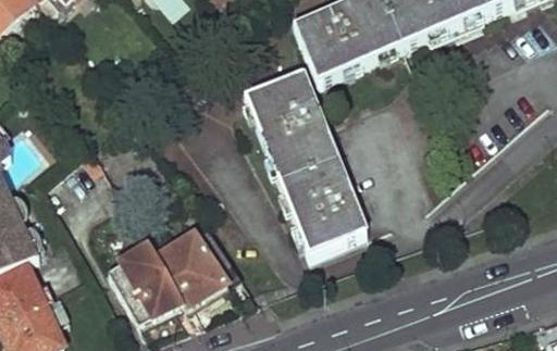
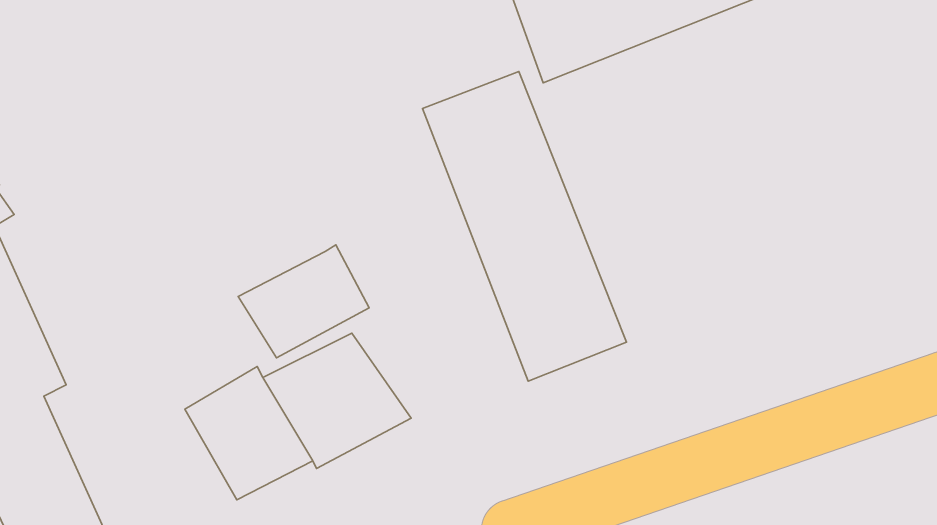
building: none -> [238,245,369,358]

